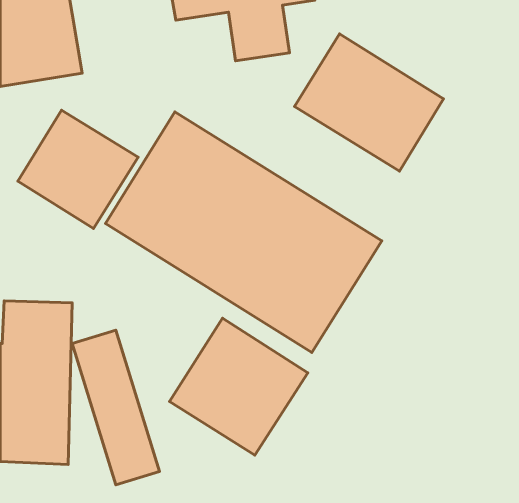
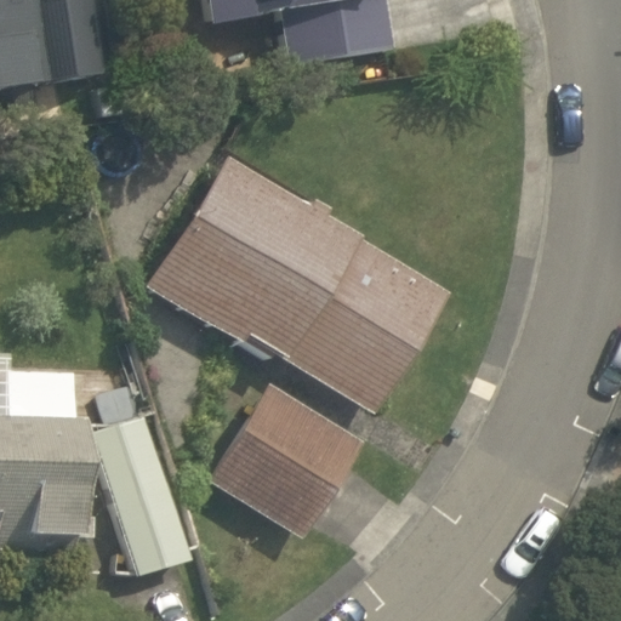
building: [294,34,444,171] -> none
building: [18,110,138,229] -> none

